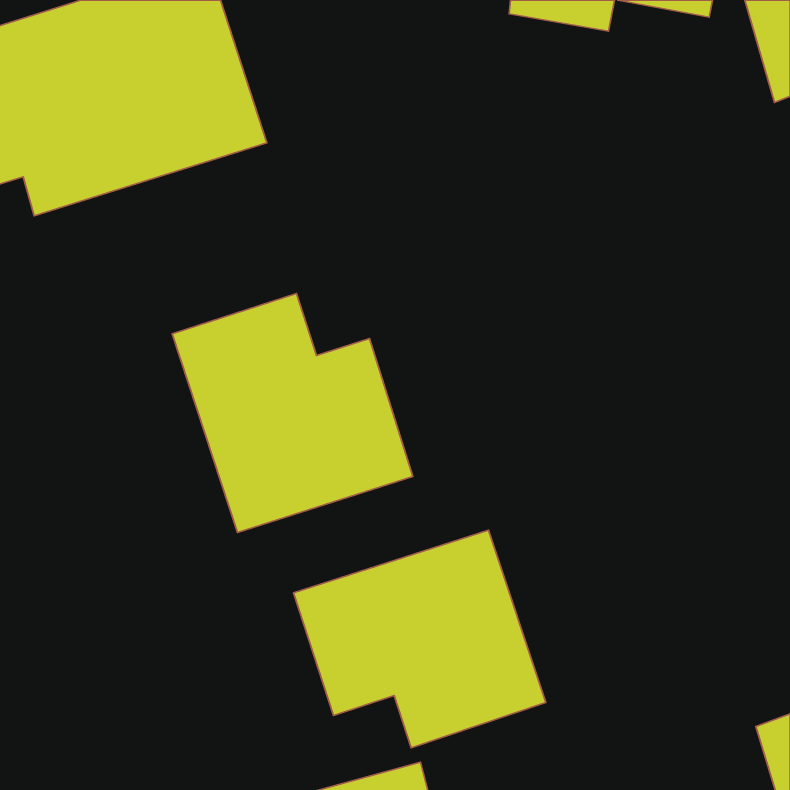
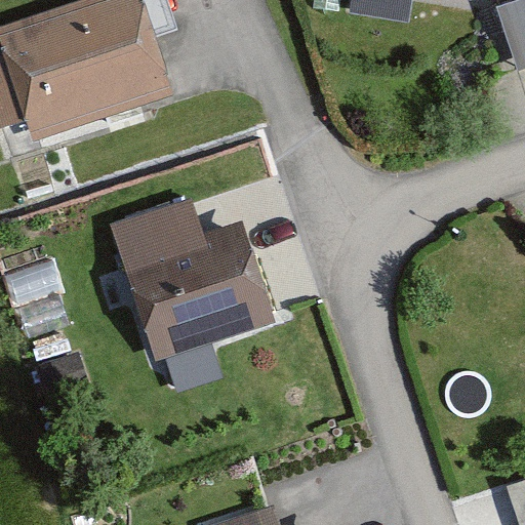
building: [294,530,546,748] -> none

